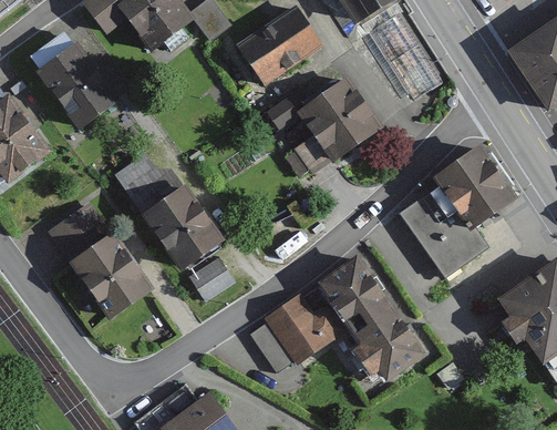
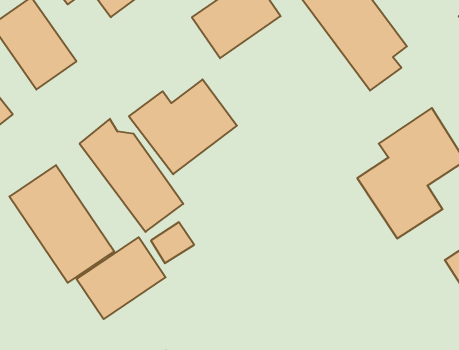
building: [268,78,379,175] -> [129,79,237,174]
building: [255,257,423,386] -> none
building: none -> [77,237,166,319]

